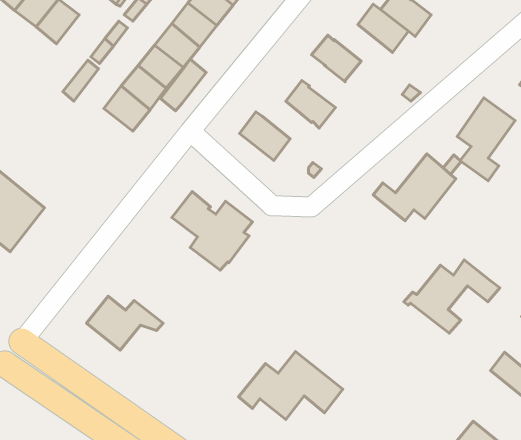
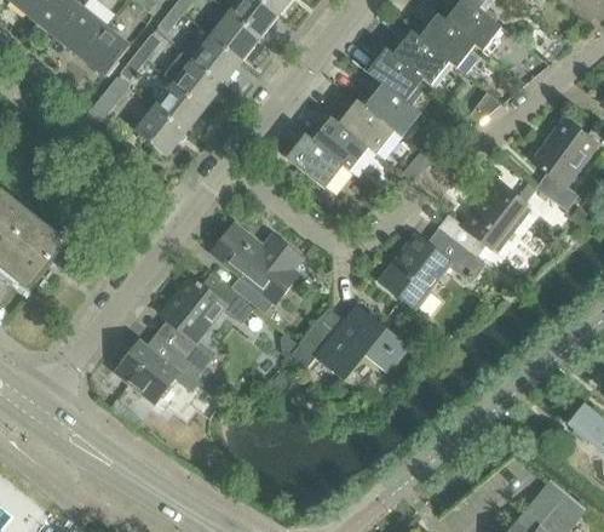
building: none -> [81,24,132,76]
building: none -> [393,30,450,82]
building: [160,59,206,111] -> none
building: none -> [364,81,421,133]
building: none -> [312,115,368,168]
building: none -> [160,274,253,371]
building: [404,260,500,333] -> [376,233,484,315]
building: [238,352,343,419] -> [292,303,409,379]

